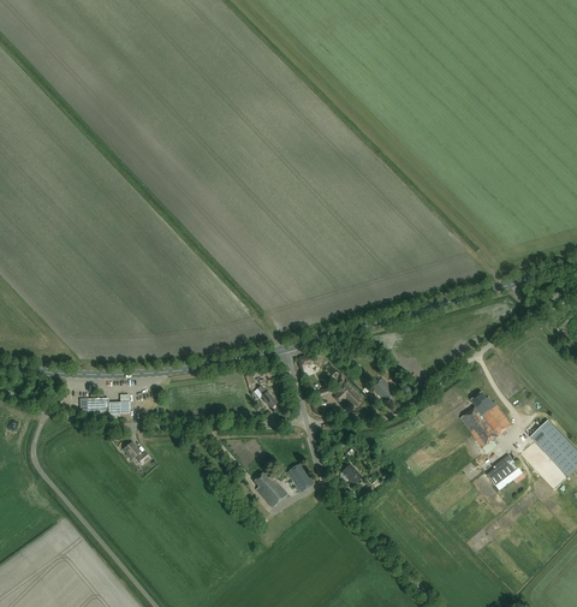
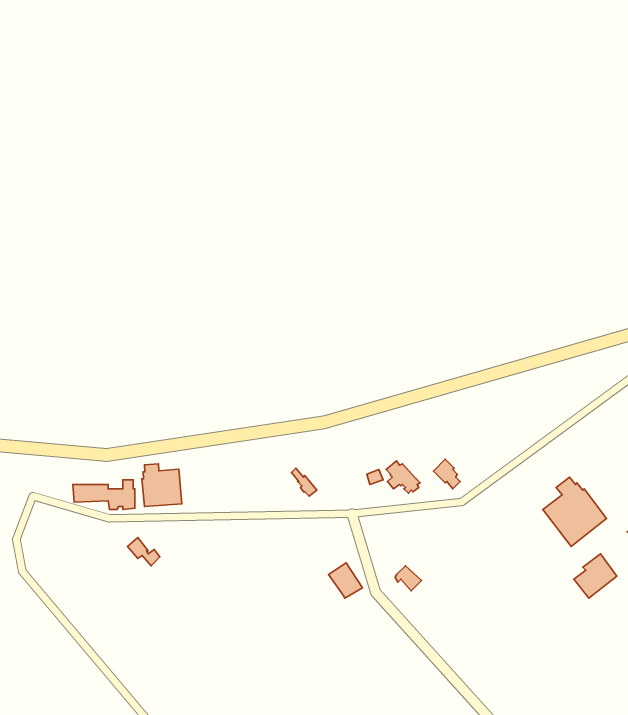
building: none -> [142,464,182,506]
building: [252,472,286,507] -> none

